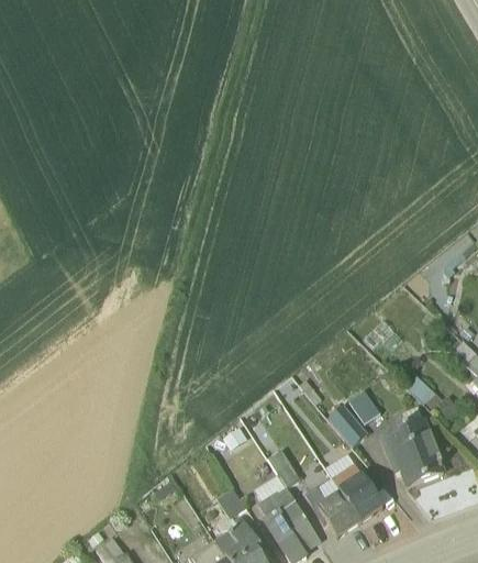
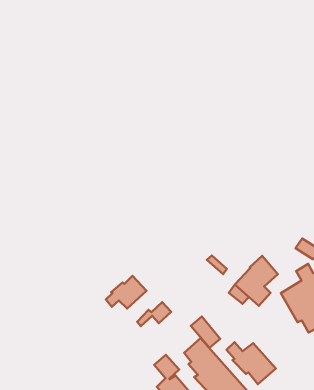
building: none -> [106,276,146,308]
building: [324,454,385,525] -> none

